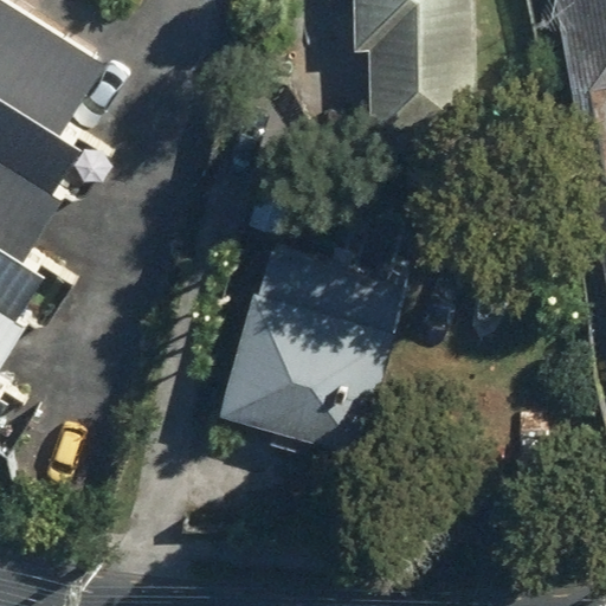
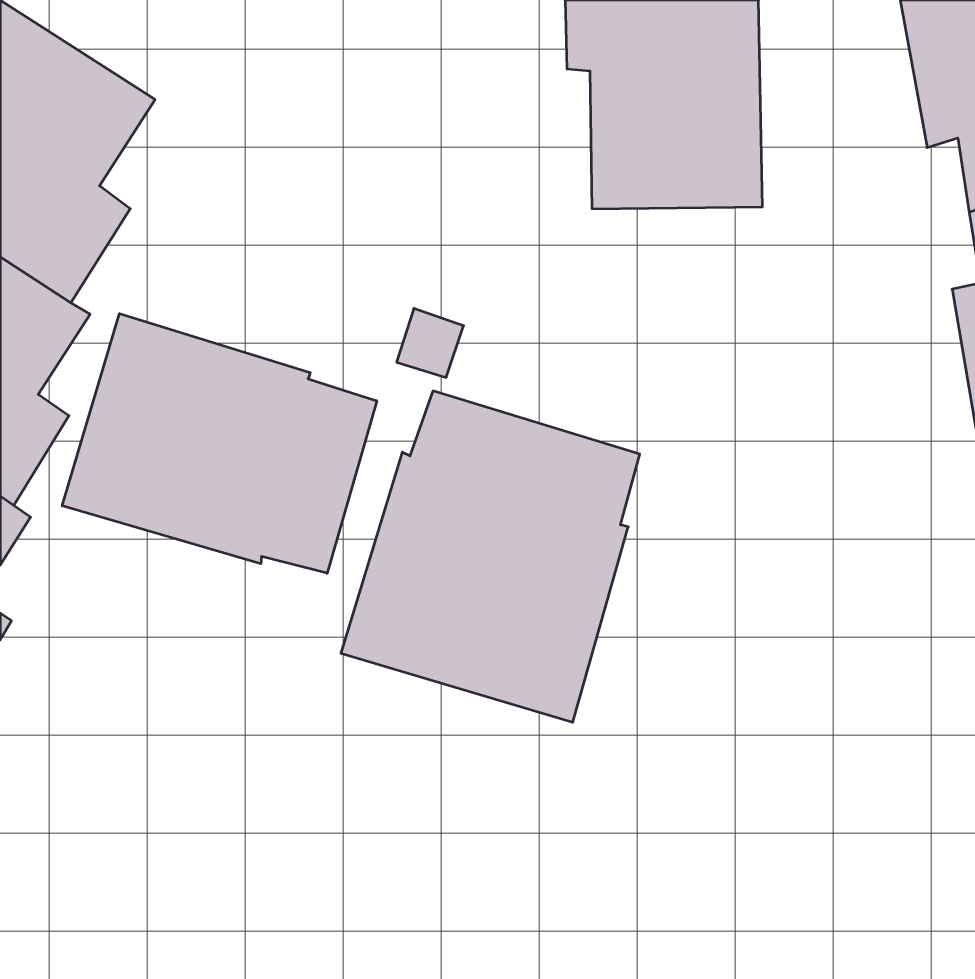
building: none -> [62,314,377,573]

